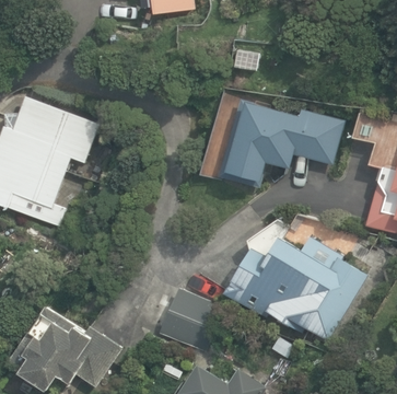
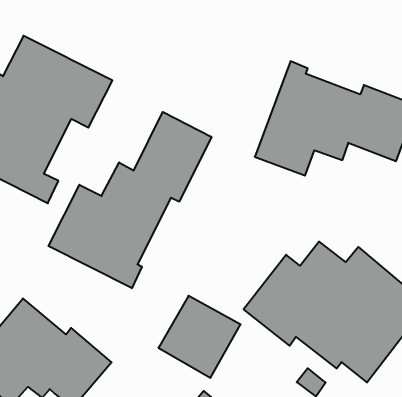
building: none -> [48,112,211,288]

